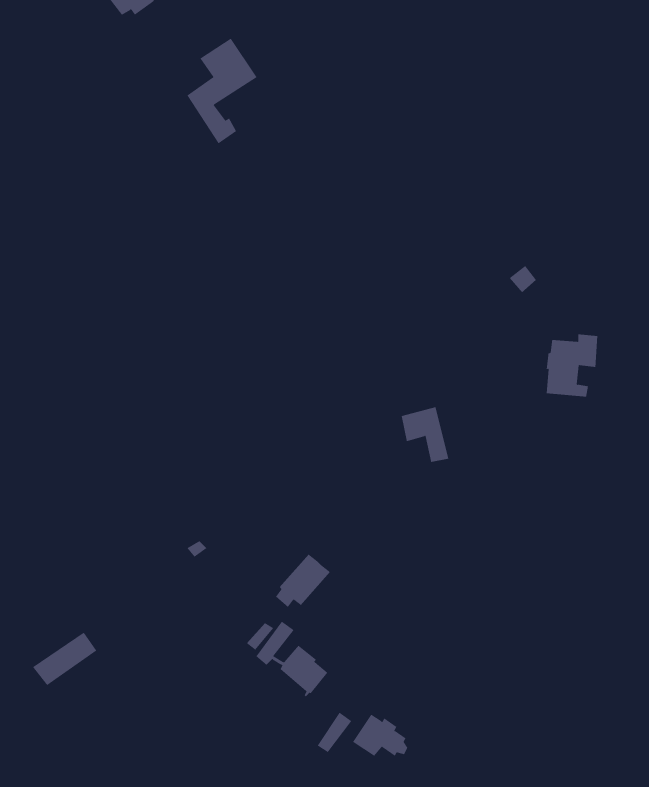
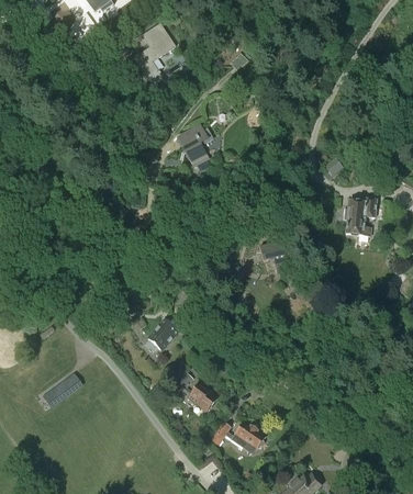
building: none -> [179,124,213,171]
building: [275,554,331,608] -> [146,318,179,350]

